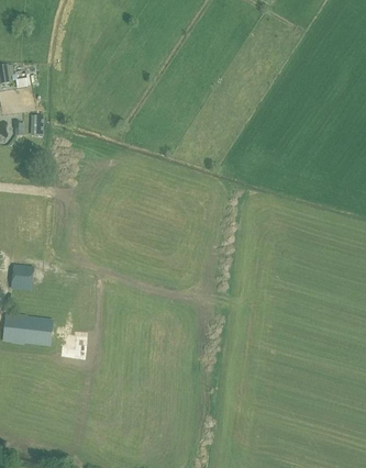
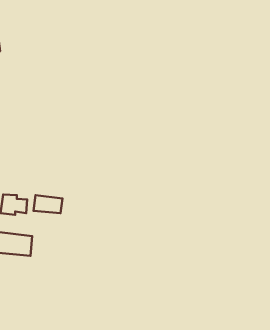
building: none -> [34,195,62,213]

